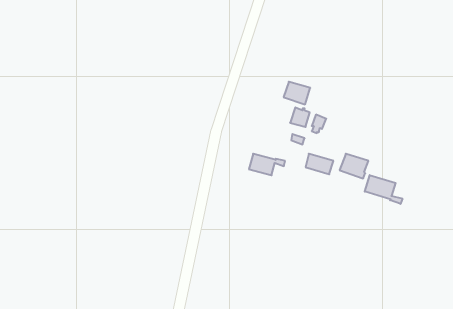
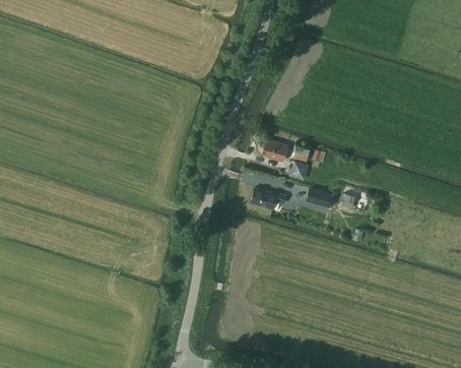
building: [284,82,310,104] -> [261,139,287,162]
building: [365,175,402,204] -> none

